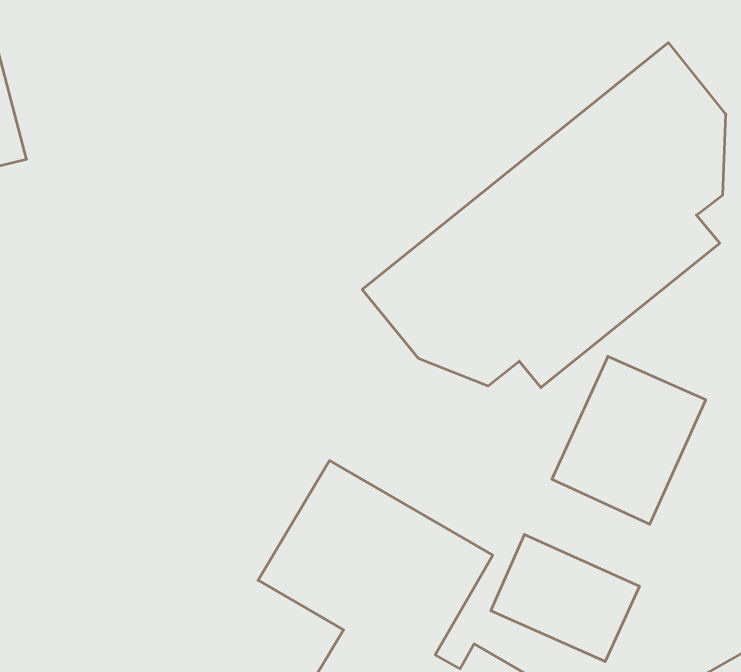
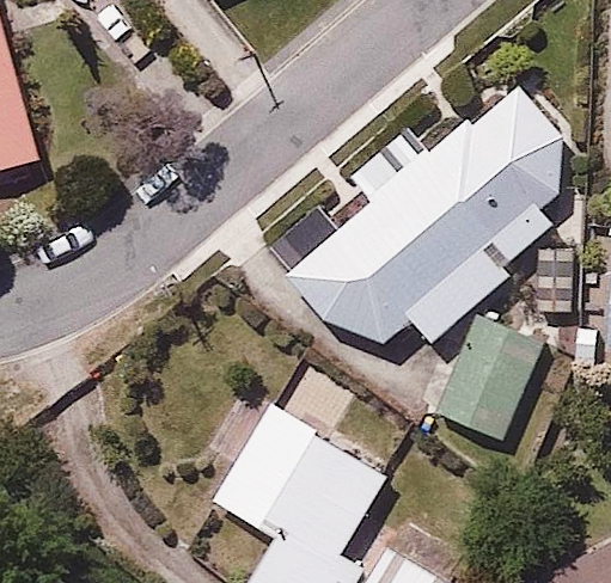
building: [491,534,639,662] -> none

